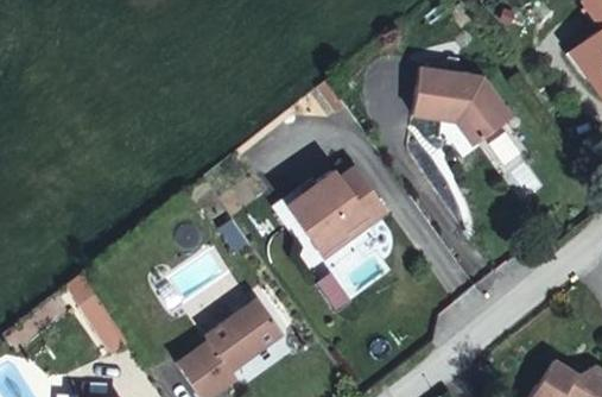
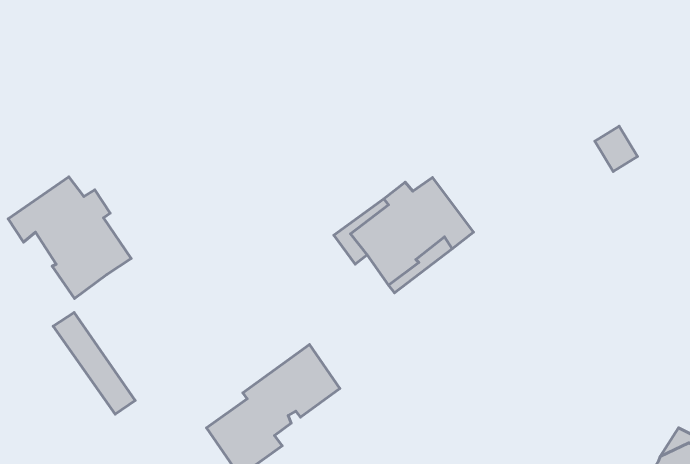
building: [412,65,511,141] -> none
building: none -> [8,177,131,298]

